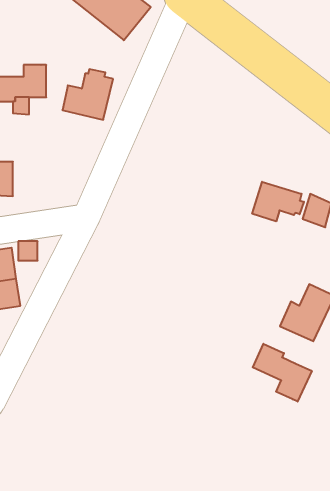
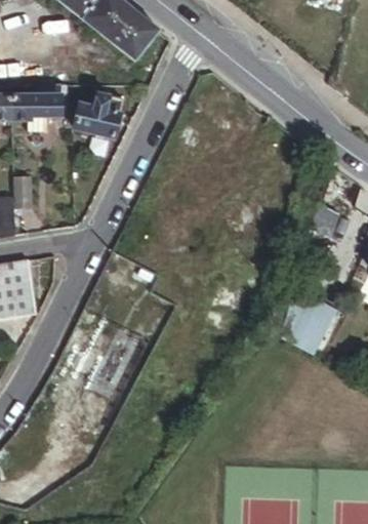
building: [252,182,304,221] -> none
building: [253,344,312,402] -> none

